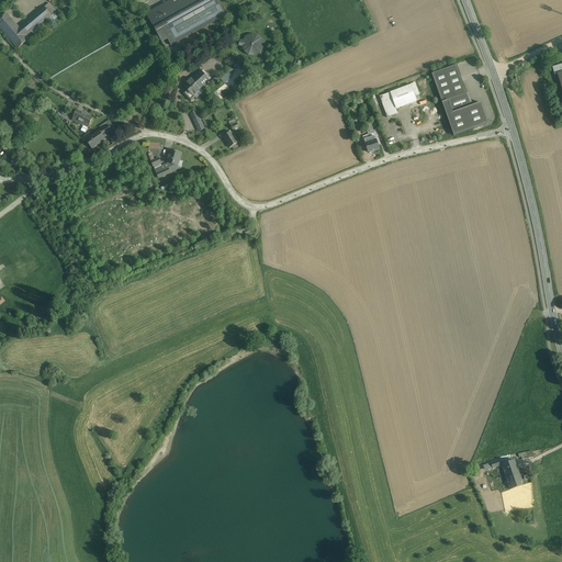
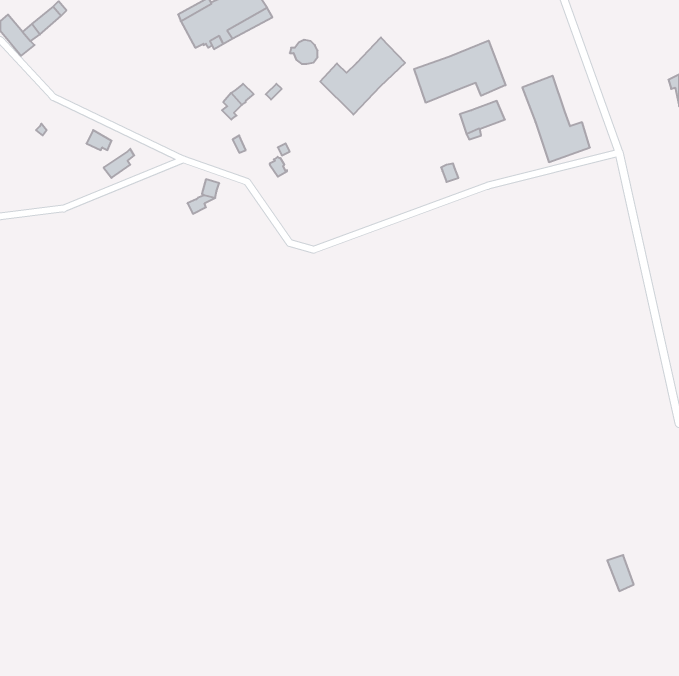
building: none -> [320,37,405,115]
building: none -> [414,41,506,103]

